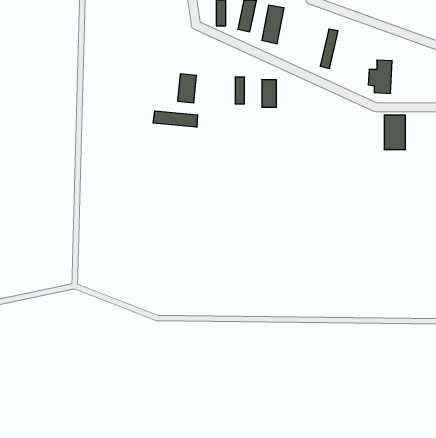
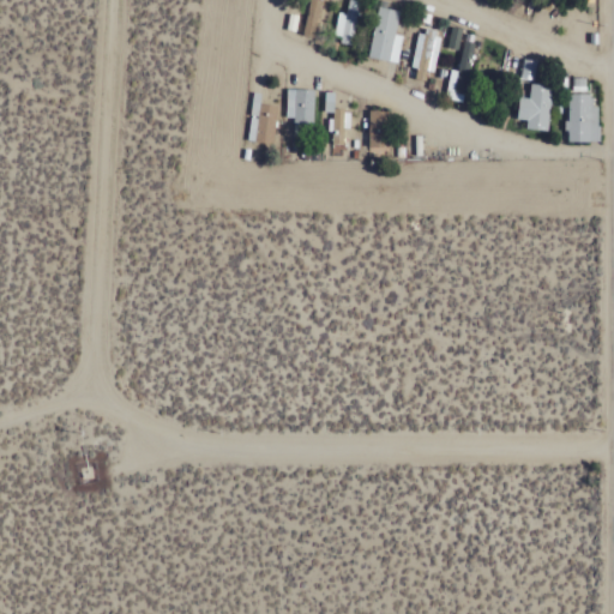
building: none -> [410,28,444,80]
building: none -> [295,90,314,125]
building: [153,111,197,127] -> none
building: [384,115,405,150] -> [568,94,598,142]

